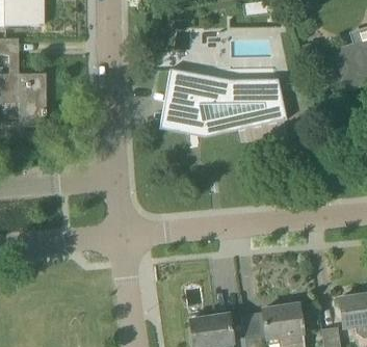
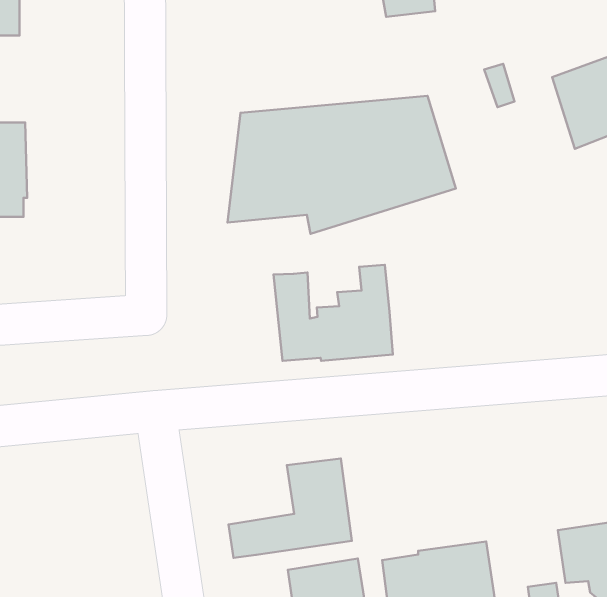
building: none -> [273,265,393,361]
building: none -> [228,458,352,558]

